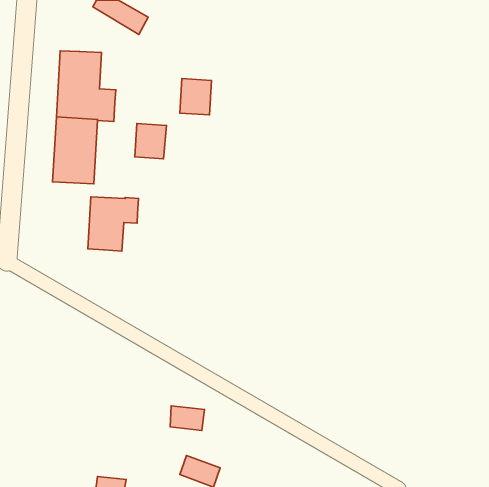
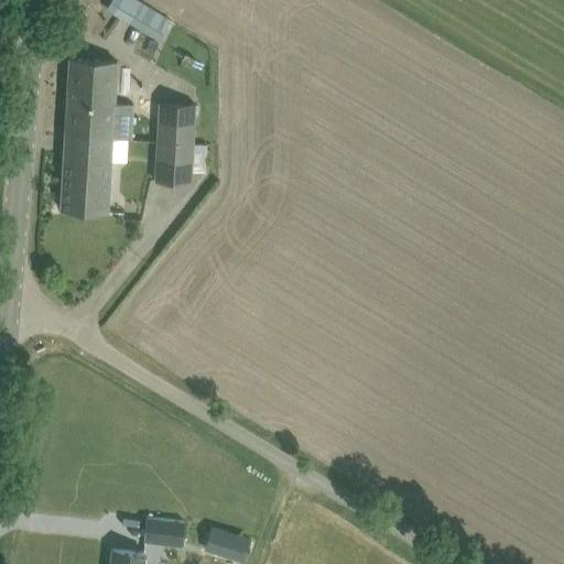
building: [180,79,211,115] -> [158,105,194,147]
building: [88,197,139,251] -> none
building: [170,406,205,431] -> [145,519,185,547]

